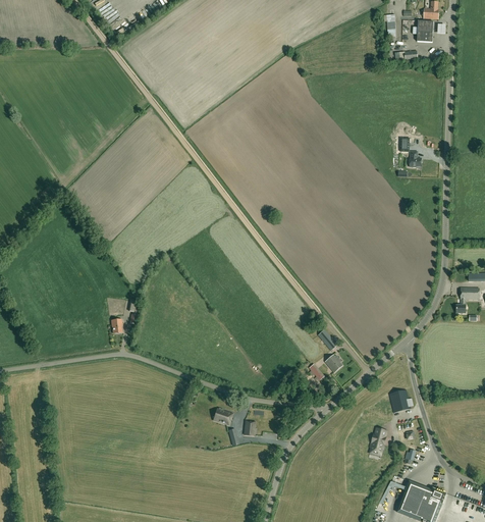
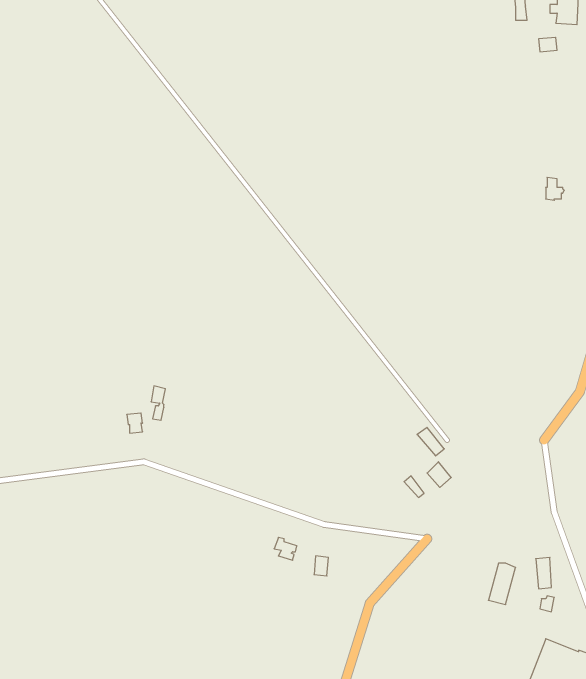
building: [389,389,414,413] -> none

